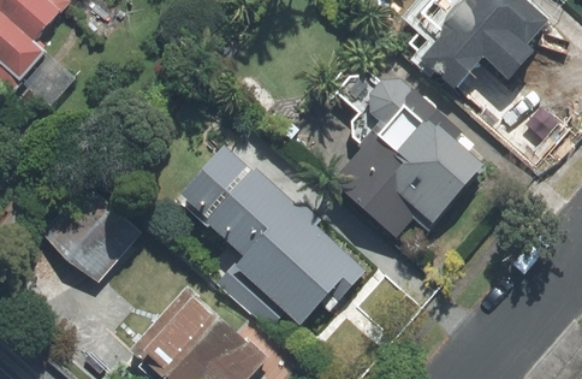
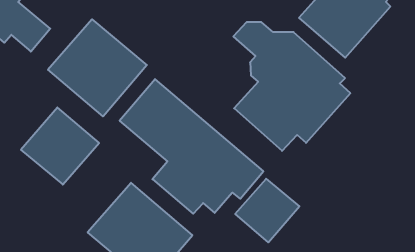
building: none -> [48,19,147,116]
building: none -> [235,179,299,242]

